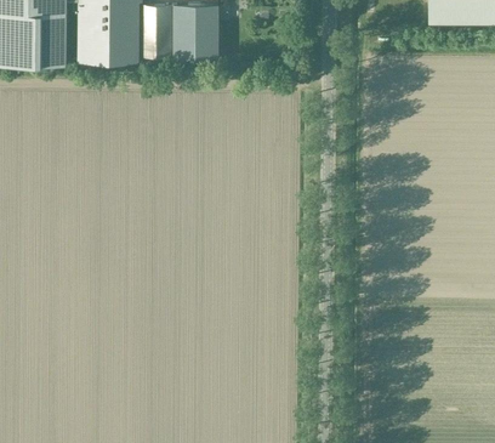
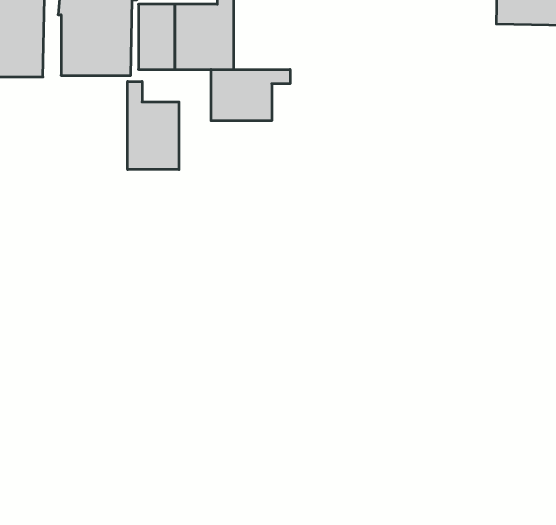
building: none -> [211,69,290,121]
building: none -> [128,81,179,170]

